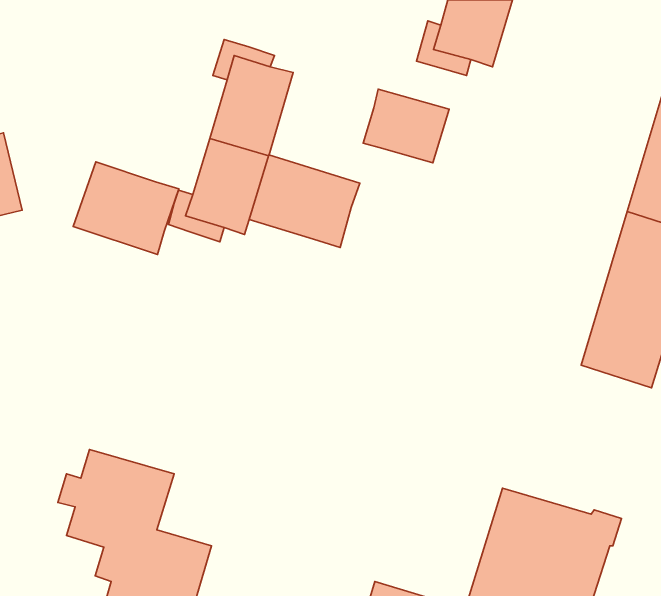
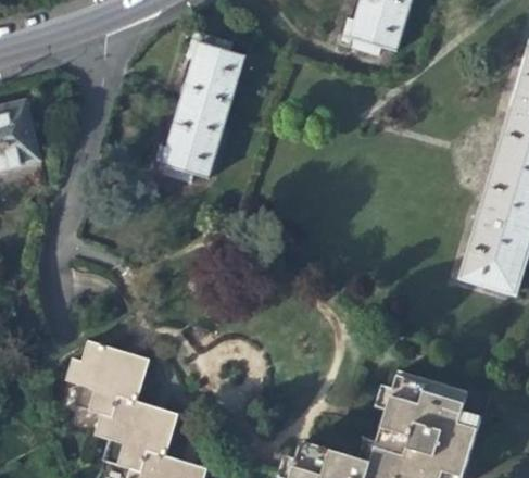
building: [363,89,449,163] -> none
building: [249,155,360,248] -> none
building: [73,162,179,255] -> none

